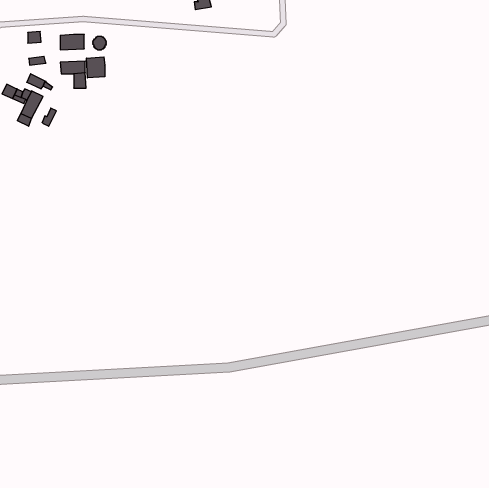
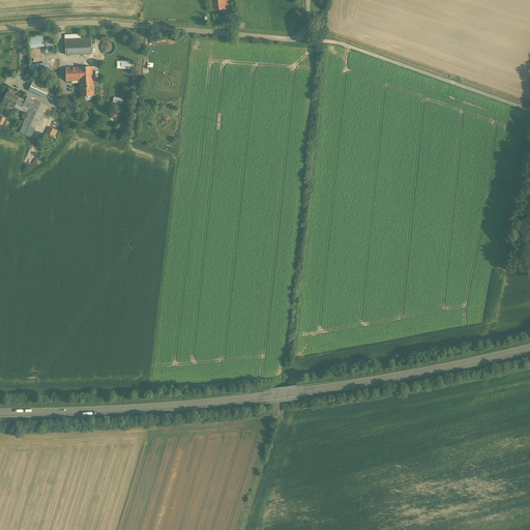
building: [87,57,105,78] -> none

